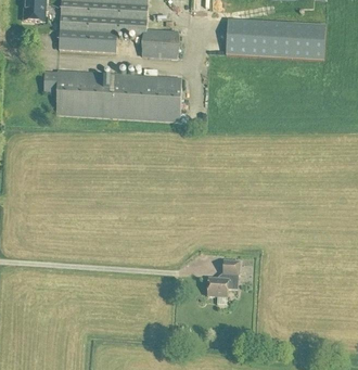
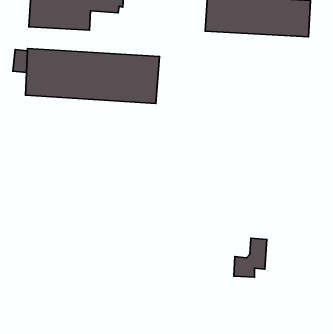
building: [141,29,178,58] -> none
building: [207,259,239,296] -> [234,238,267,277]

